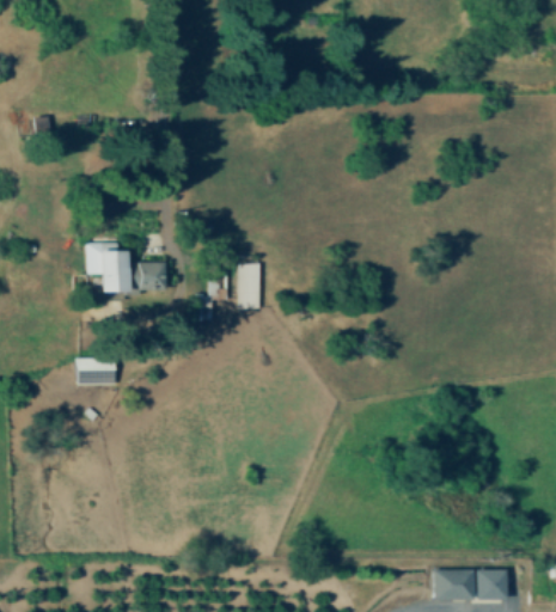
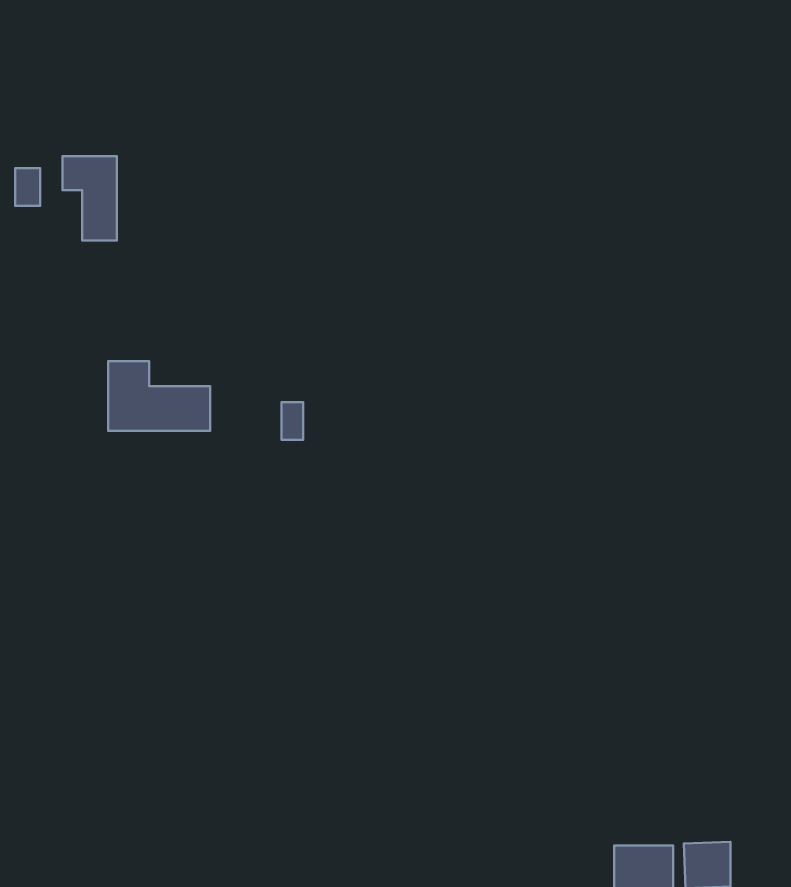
building: none -> [63,156,117,241]
building: [239,263,259,308] -> none
building: [73,357,114,385] -> none

